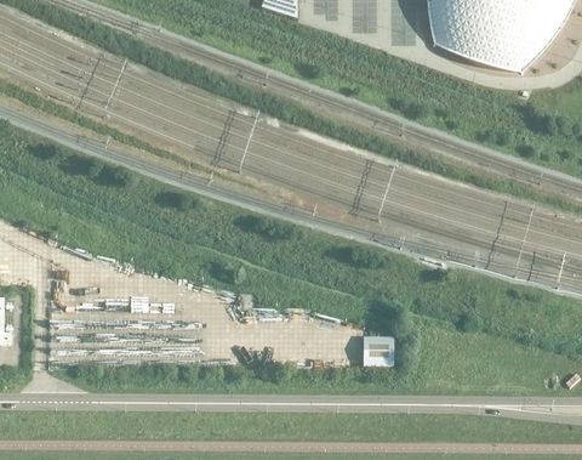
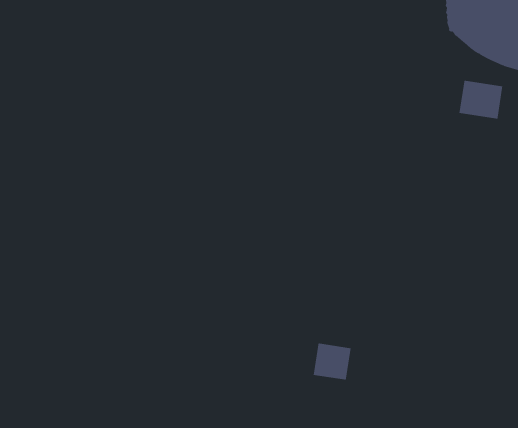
building: none -> [459,80,503,119]

